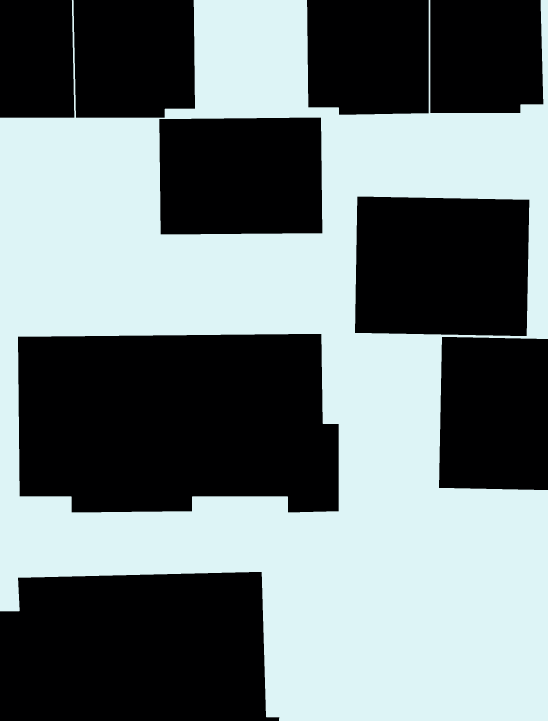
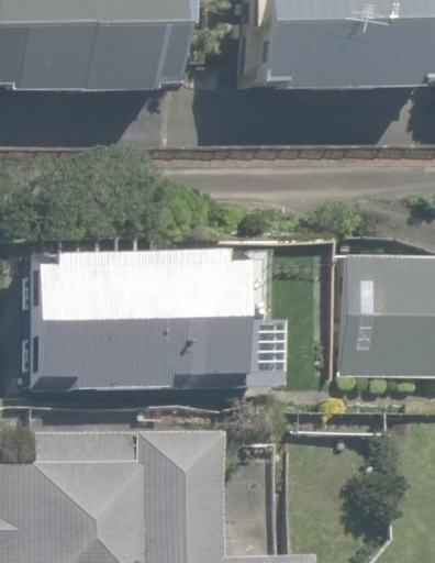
building: [158,117,323,235] -> none
building: [354,196,530,337] -> none

